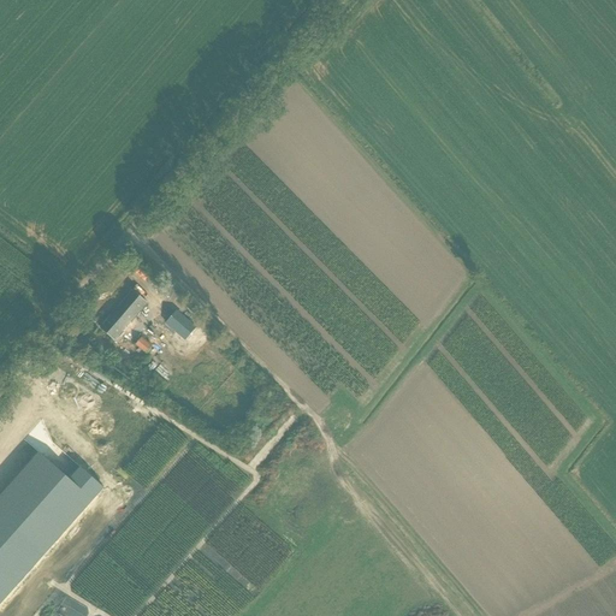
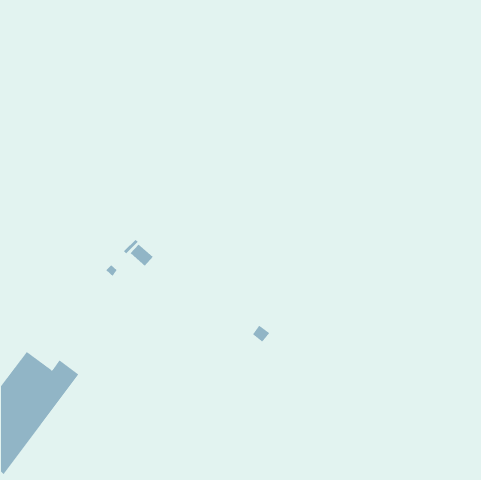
building: [101,292,147,342] -> none

